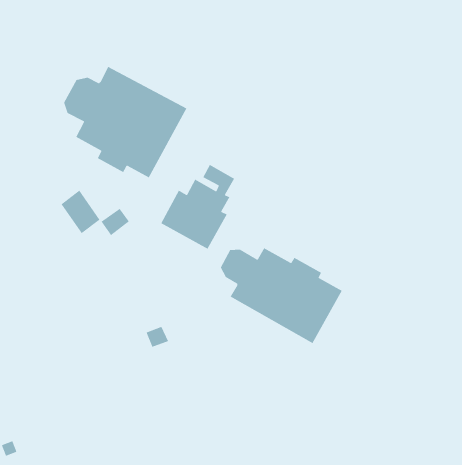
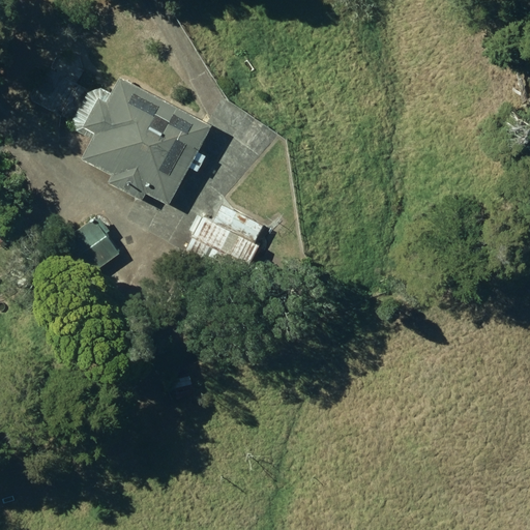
building: [220,247,343,344] -> none

